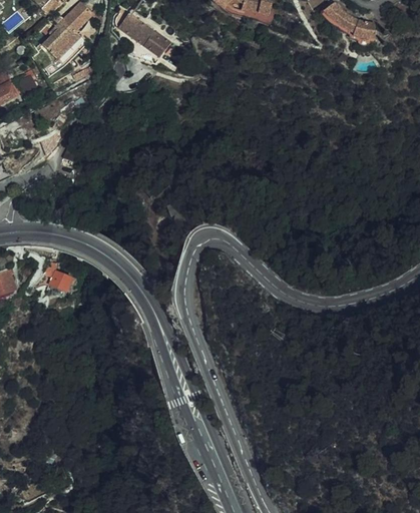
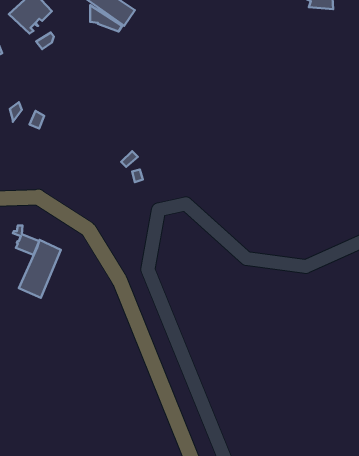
building: none -> [19,240,61,298]

